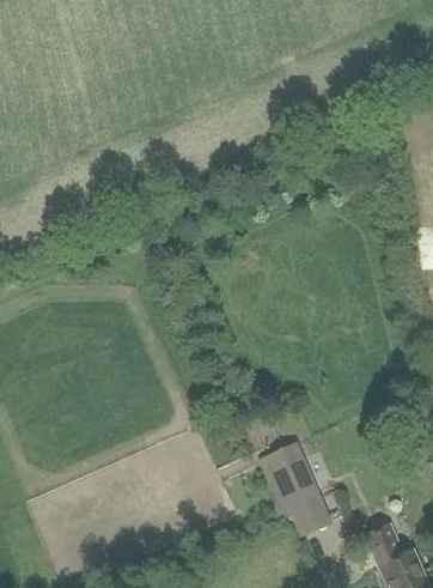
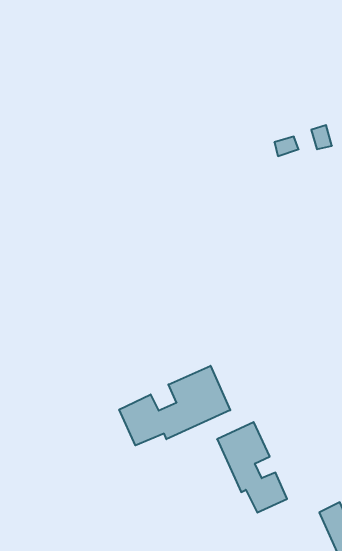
building: none -> [119,366,230,445]

